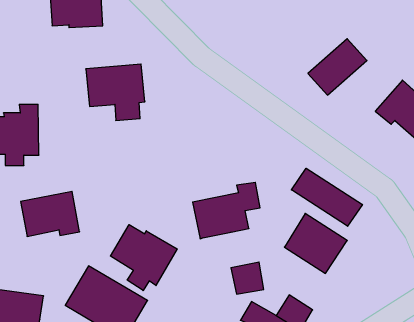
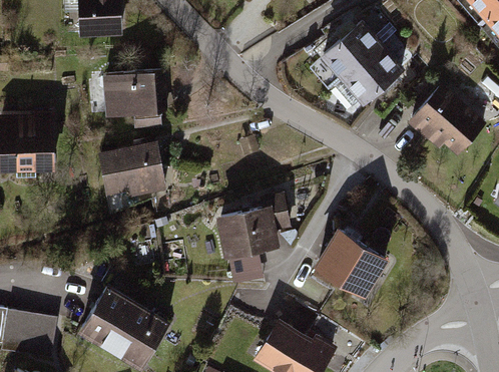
building: none -> [318,20,381,81]
building: [291,168,362,226] -> none
building: [21,191,80,236] -> [99,143,162,192]
building: [110,225,177,291] -> none
building: [231,262,264,294] -> [226,251,262,285]

